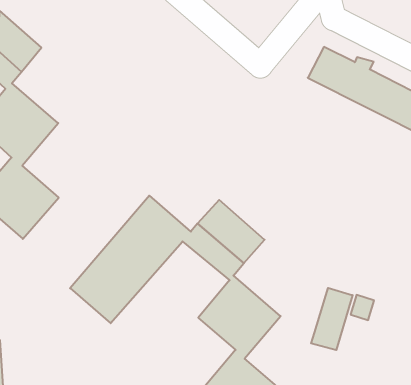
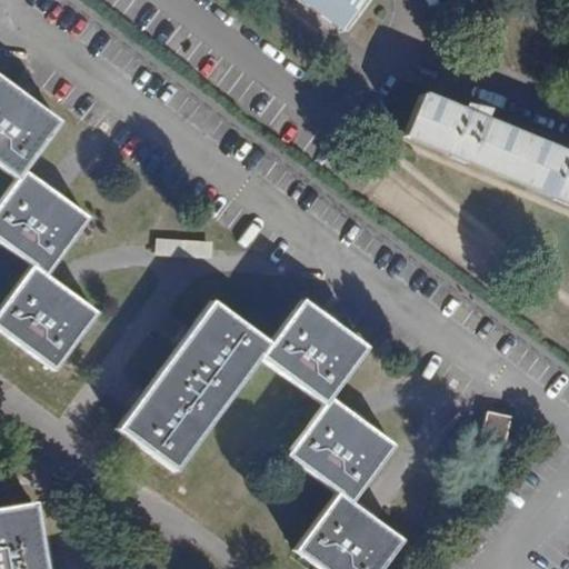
building: [311,288,353,350] -> none

